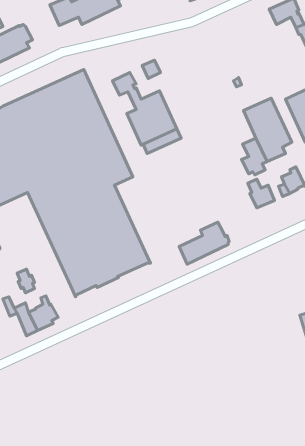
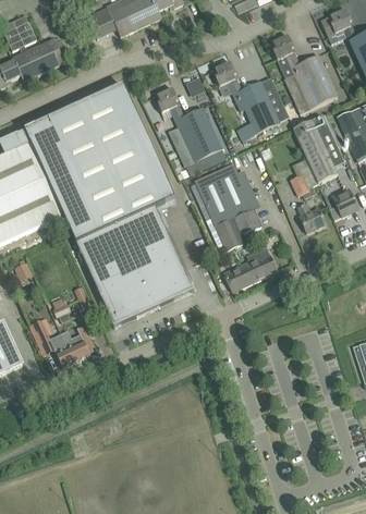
building: none -> [269,34,338,112]
building: none -> [211,61,280,139]
building: none -> [191,162,261,252]

